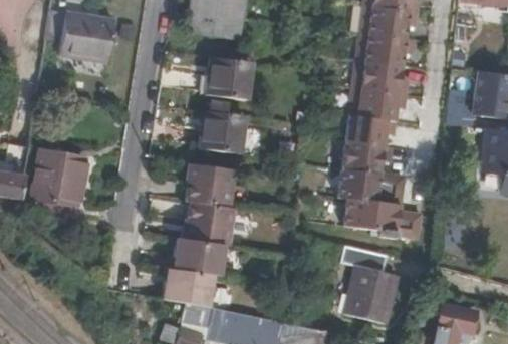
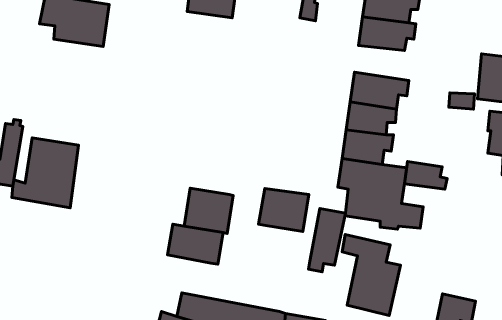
building: [202,56,247,100] -> none
building: [354,61,409,95] -> none
building: [193,107,238,151] -> none
building: [189,164,238,207] -> [259,188,309,231]
building: none -> [404,161,447,189]
building: none -> [308,209,345,272]
building: [163,266,214,307] -> none

